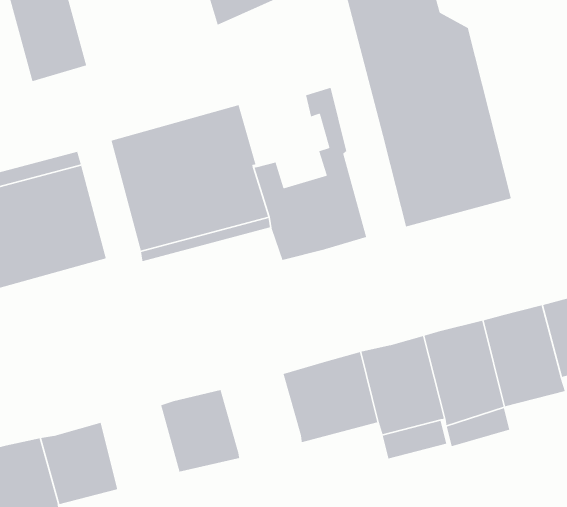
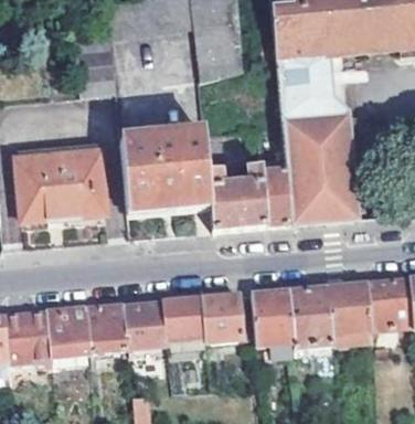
building: none -> [260,169,290,224]
building: none -> [162,298,205,341]
building: none -> [86,305,128,351]

